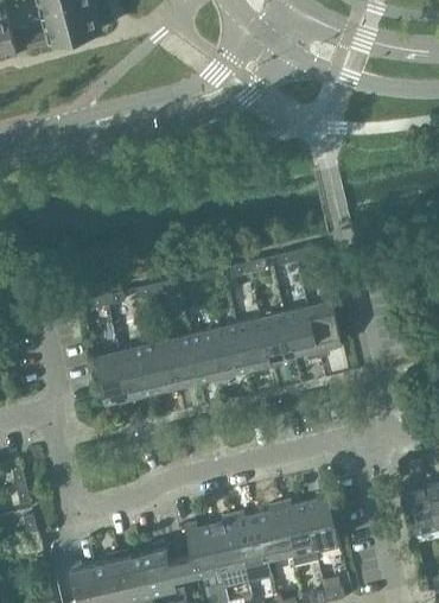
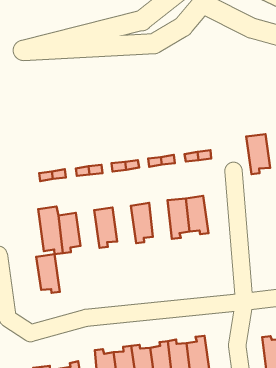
building: [305,303,341,357] -> [246,134,270,174]
building: [235,319,269,372] -> none
building: [187,331,223,382] -> none
building: [140,342,176,393] -> [36,254,60,293]

